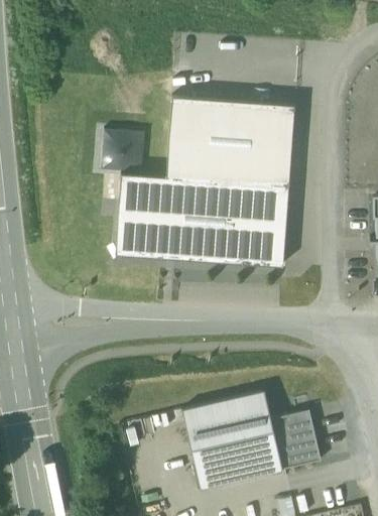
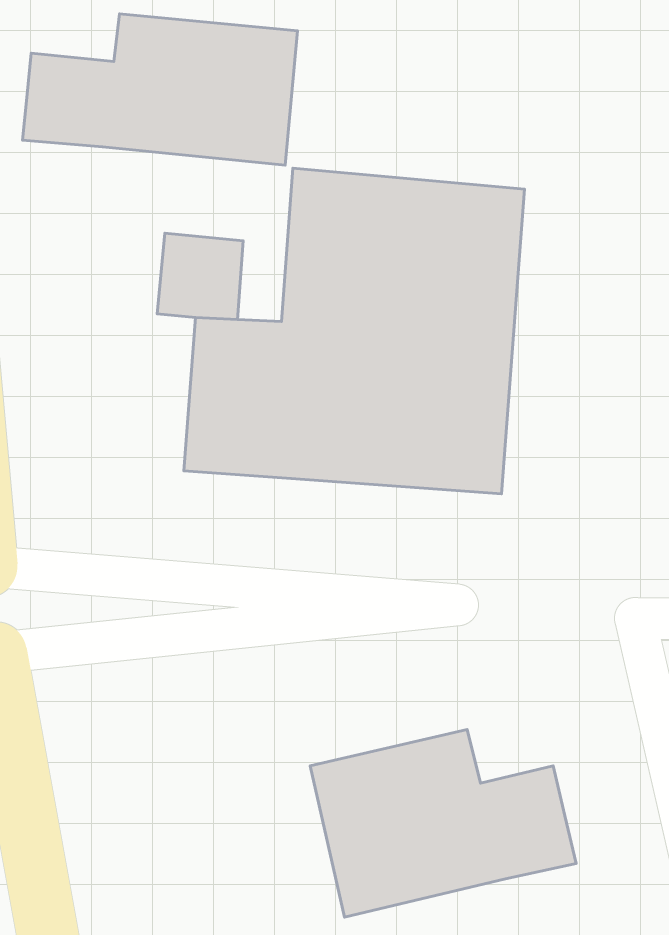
building: none -> [22,14,298,165]

